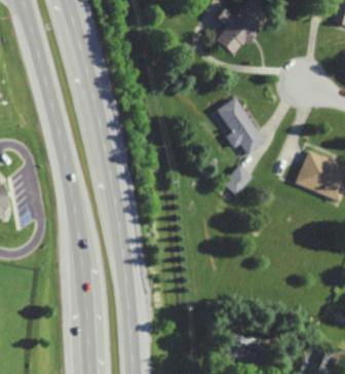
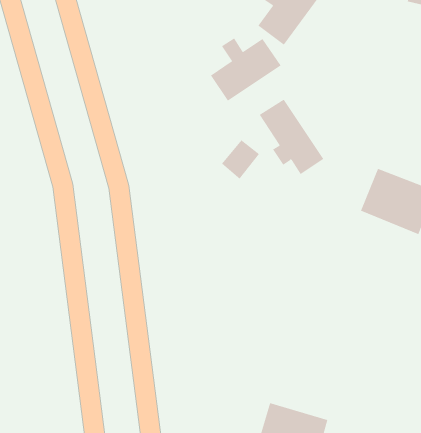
building: none -> [210,37,281,101]
building: [224,164,254,195] -> [221,139,260,179]

